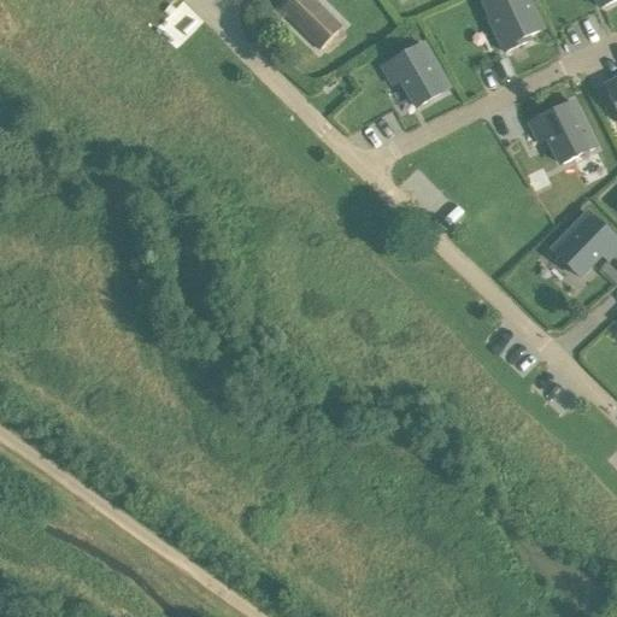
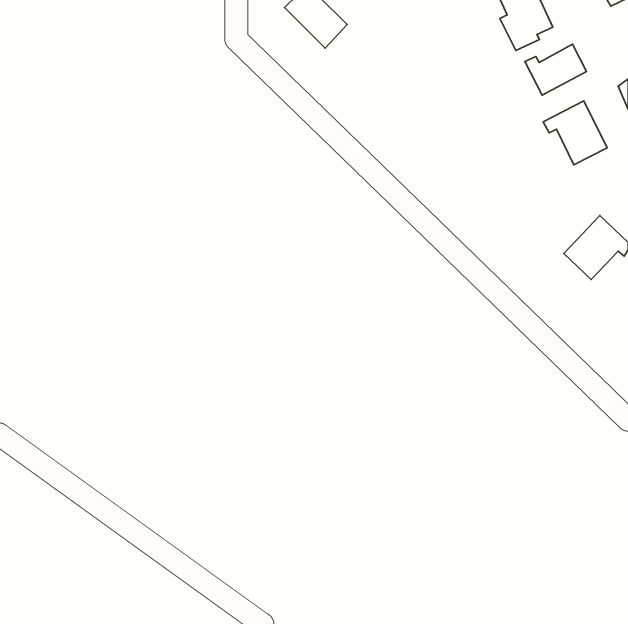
building: [383,41,447,104] -> none
building: none -> [525,44,587,95]

